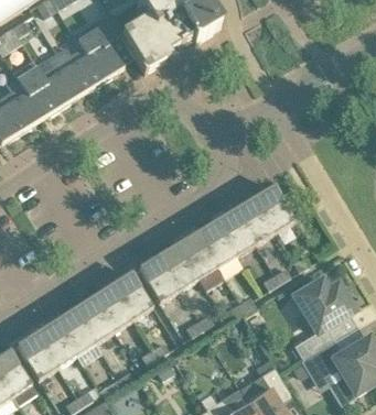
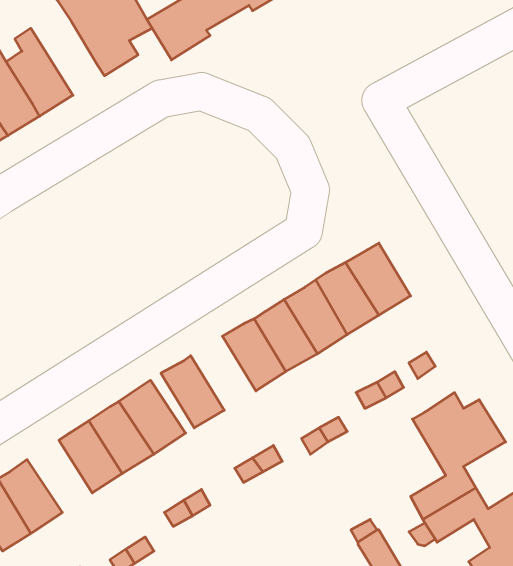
building: [55,45,101,94] -> none
building: [155,244,196,291] -> none
building: [53,309,94,354] -> none

